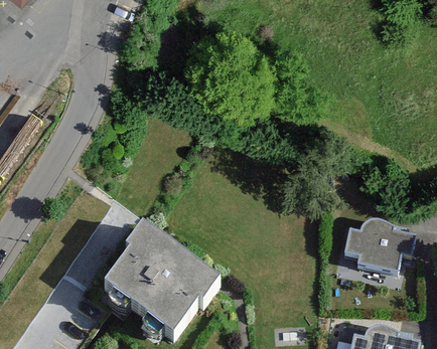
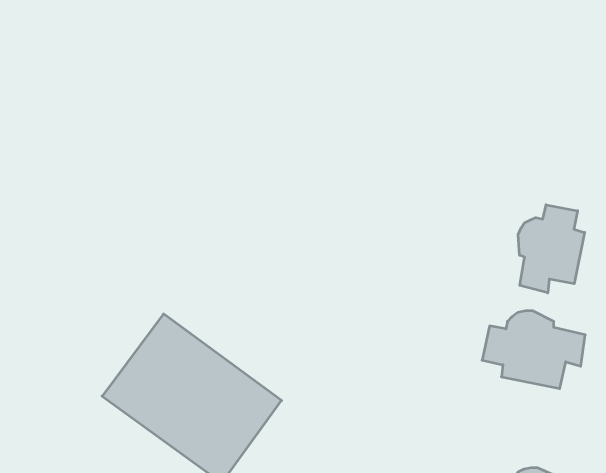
building: none -> [518,205,585,293]

